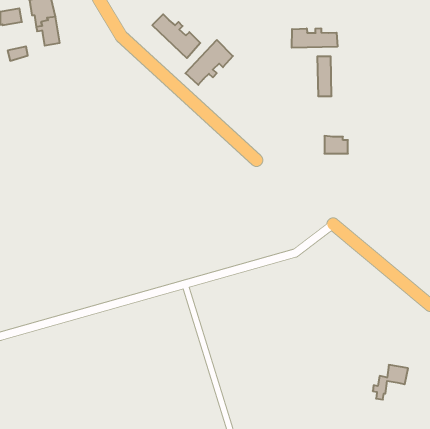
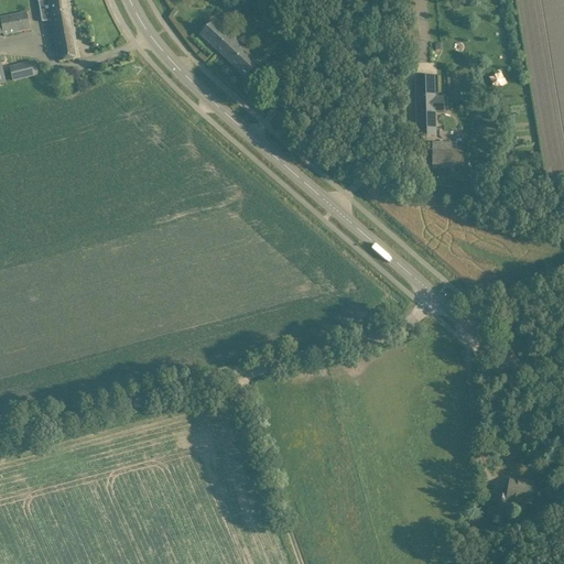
building: [292,28,337,48] -> none
building: [185,40,233,85] -> none
building: [324,136,348,154] -> [432,140,463,163]

